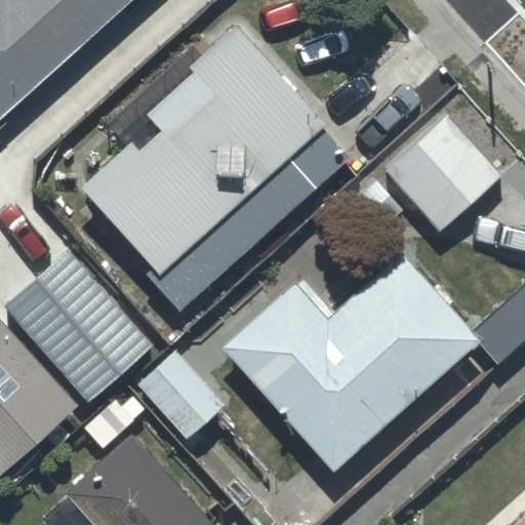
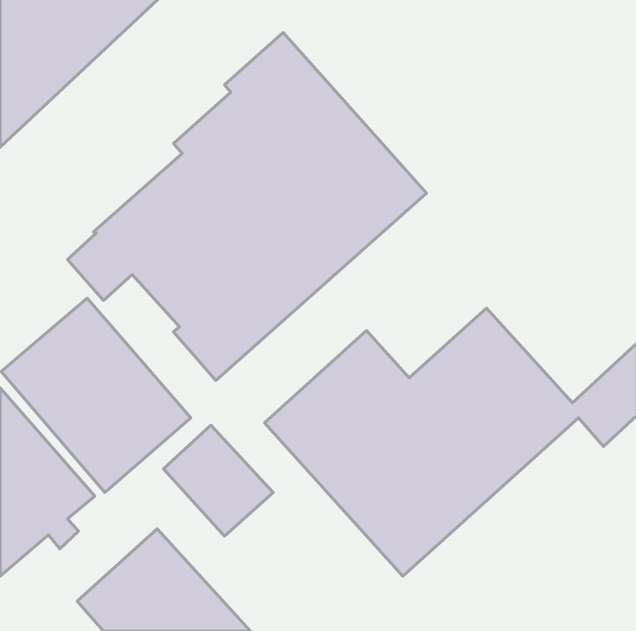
building: [387,112,510,234] -> none

